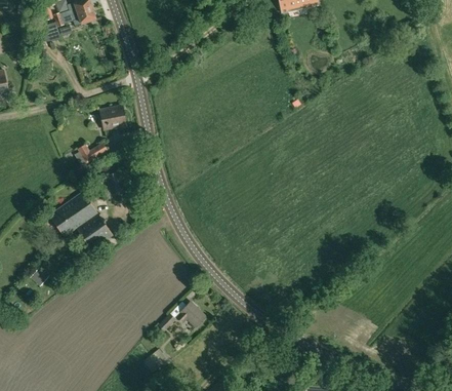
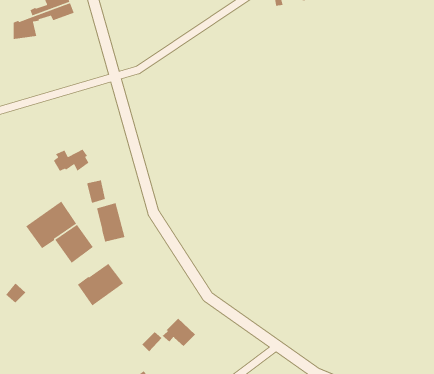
building: [100,106,126,128] -> none
building: none -> [96,202,126,243]
building: none -> [77,263,124,306]

